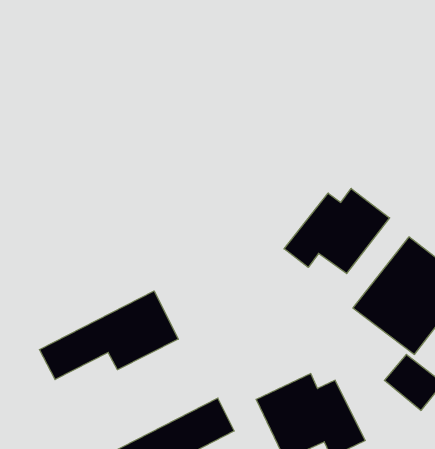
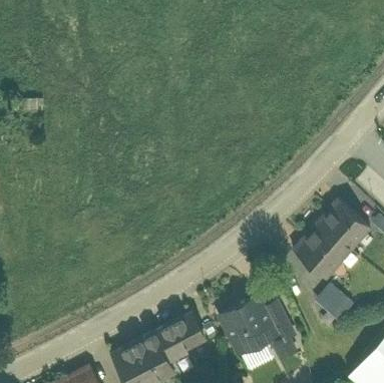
building: [284,188,390,274] -> none
building: [39,291,178,380] -> none

